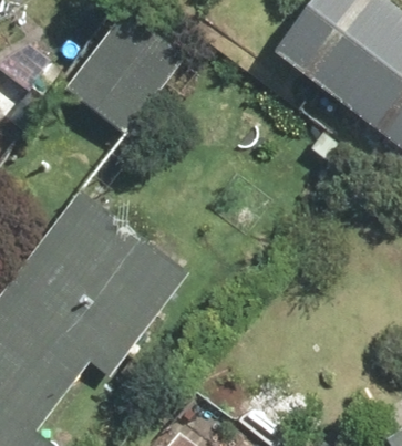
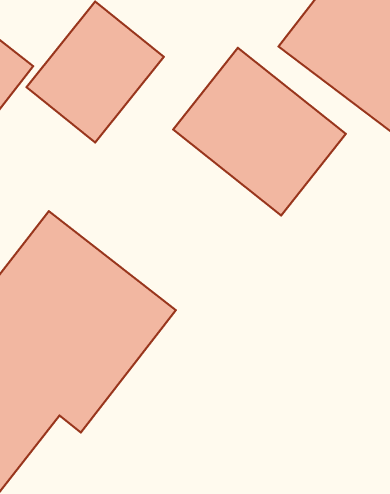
building: none -> [173,48,346,216]

